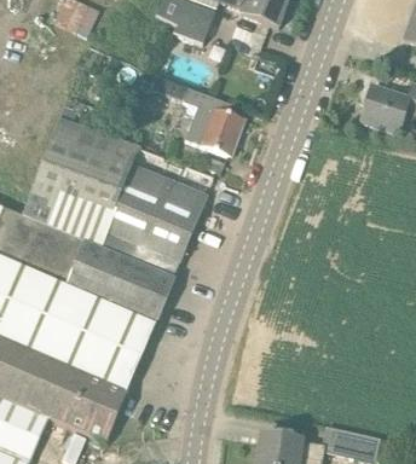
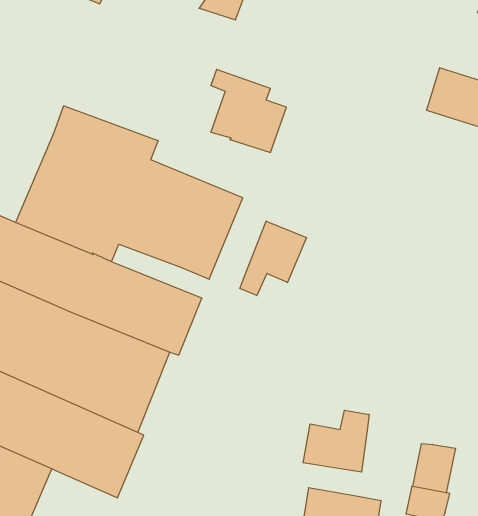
building: none -> [240,221,307,296]
building: none -> [303,410,369,472]
building: none -> [413,444,455,493]

